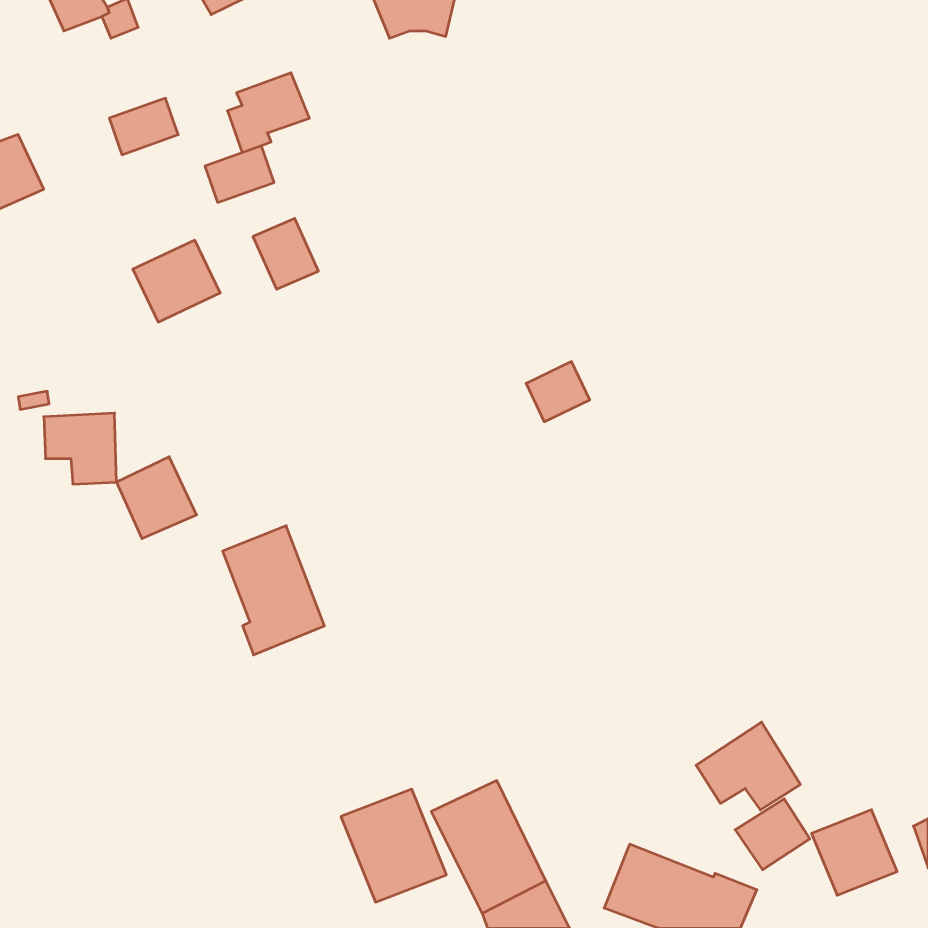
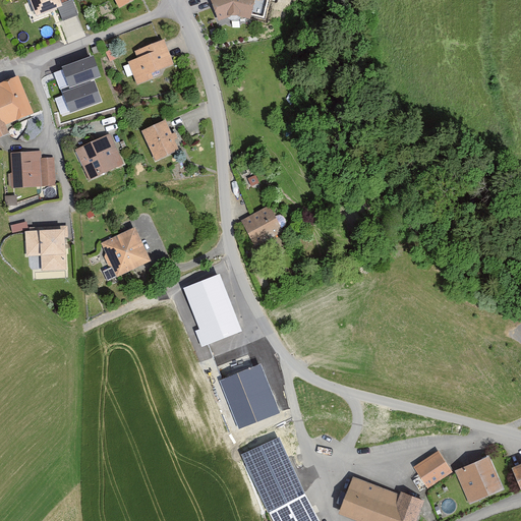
building: [205,146,274,202] -> [62,80,101,112]
building: none -> [8,151,55,188]
building: [526,362,590,422] -> [243,210,279,243]
building: [116,457,197,539] -> [104,230,149,276]
building: [223,526,324,655] -> [183,274,240,346]
building: [696,722,800,810] -> none
building: [341,789,446,902] -> [219,364,278,427]

